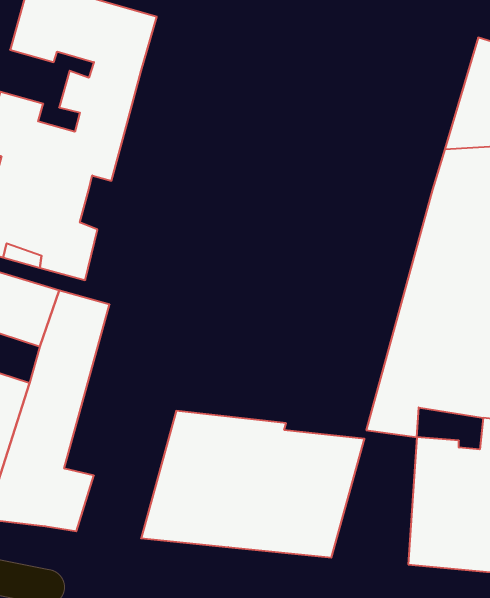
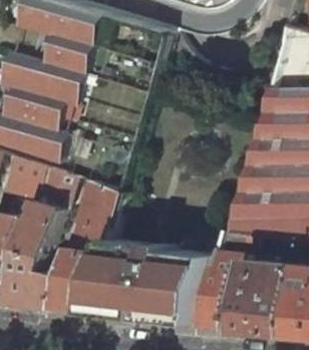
building: none -> [53,183,123,312]
building: none -> [200,250,249,327]

